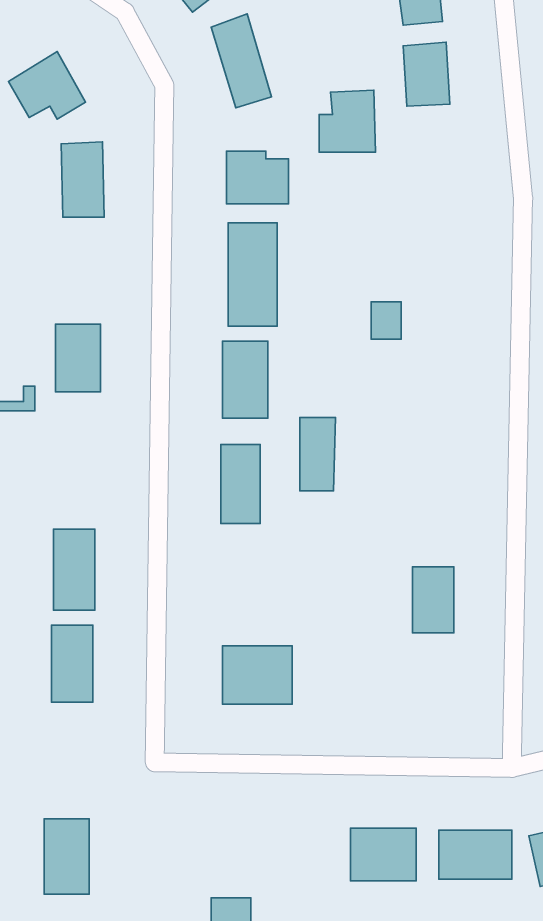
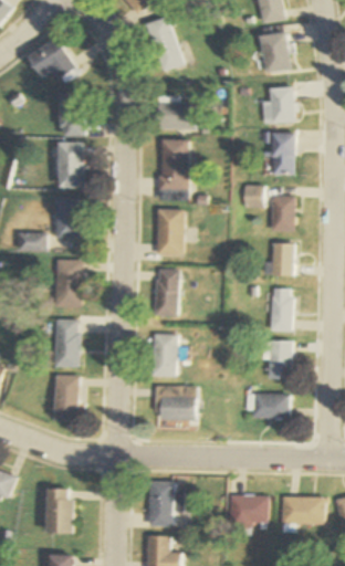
building: [319,90,376,152] -> [261,86,294,123]
building: none -> [270,133,294,175]
building: none -> [60,142,84,186]
building: none -> [270,196,293,230]
building: none -> [269,242,292,274]
building: [300,418,335,491] -> [270,287,291,331]
building: none -> [55,259,82,305]
building: none -> [151,333,176,376]
building: none -> [248,394,290,418]
building: none -> [150,482,181,526]

